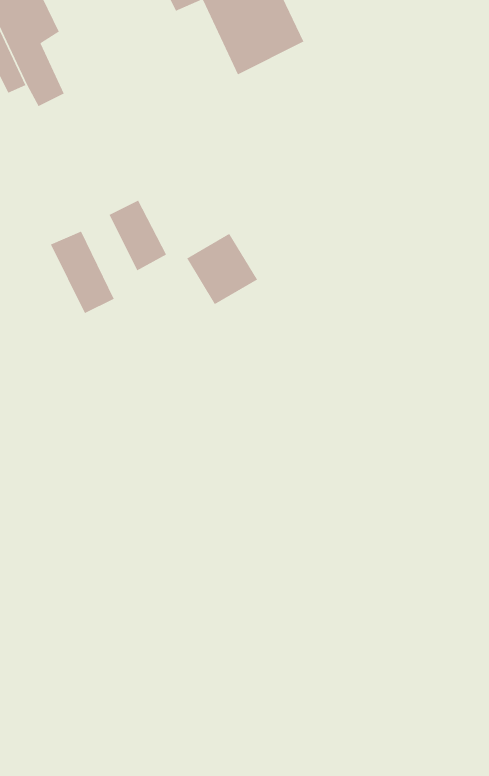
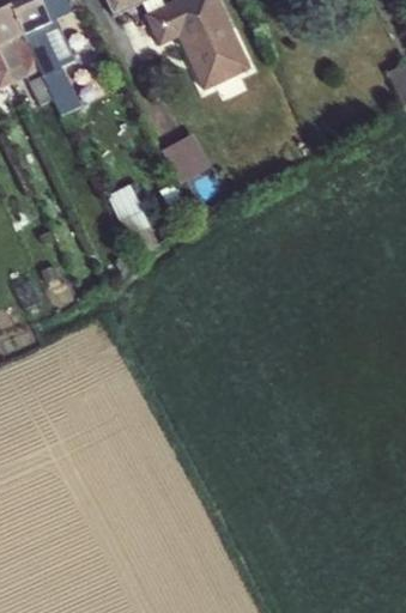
building: [50,231,115,314] -> none
building: [186,233,258,305] -> [163,128,214,180]

